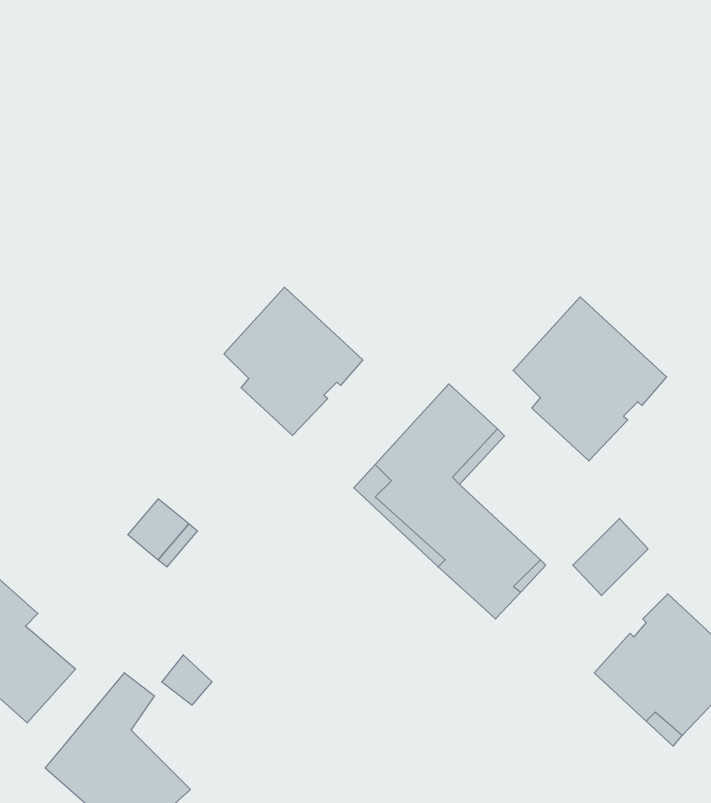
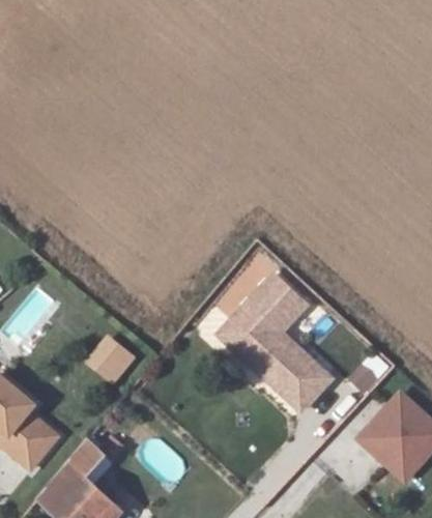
building: [224,287,363,435] -> none
building: [513,297,667,461] -> none

